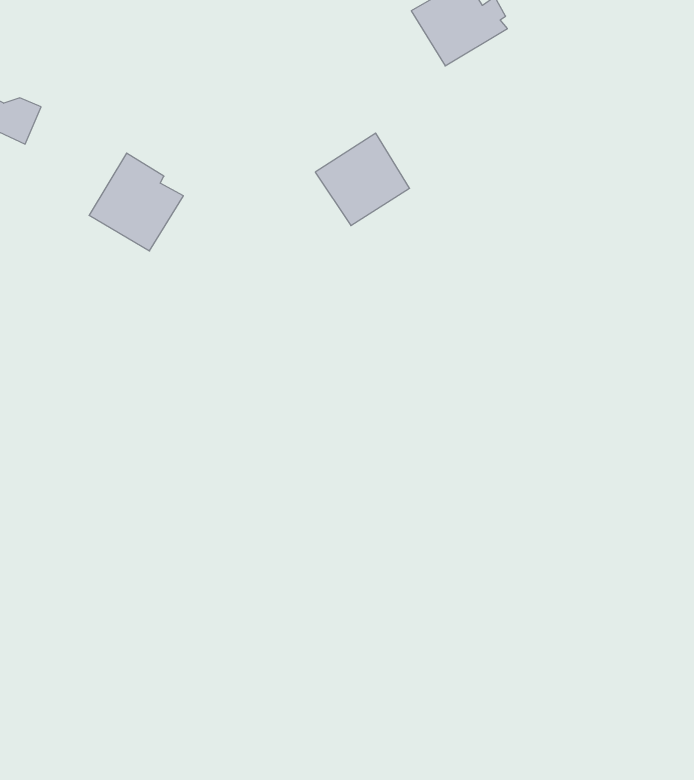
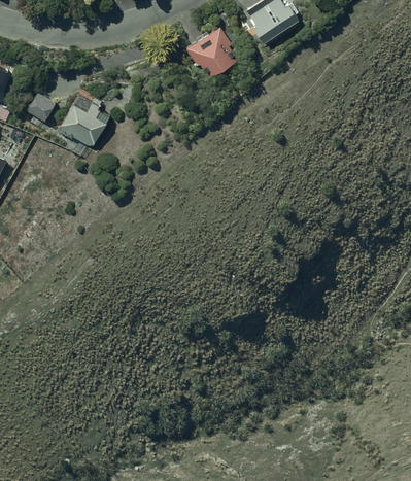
building: [315,133,410,226] -> [184,26,239,79]
building: none -> [27,94,56,123]

